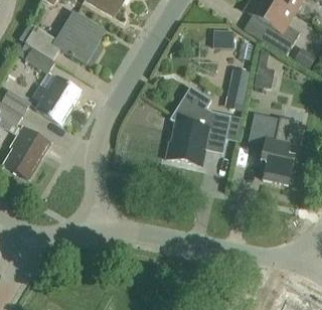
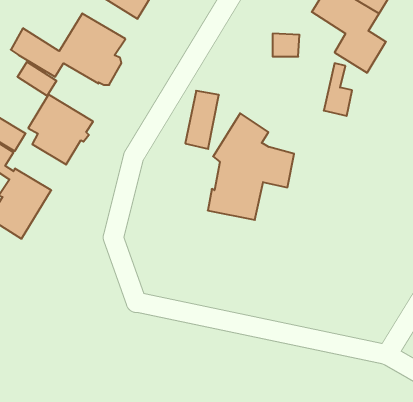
building: [224,68,250,112] -> [185,91,219,149]
building: [248,114,300,185] -> none

